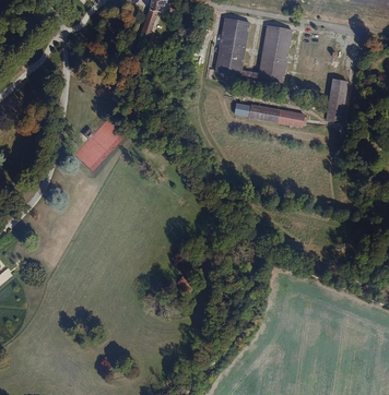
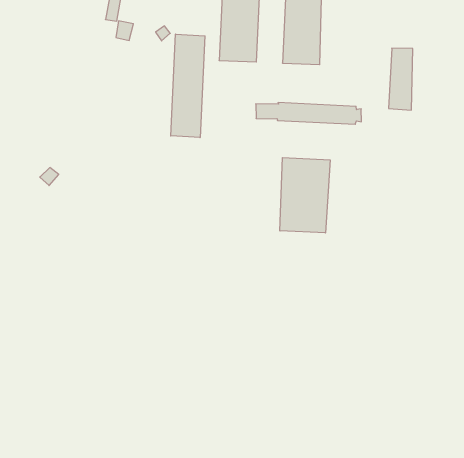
building: none -> [171,34,205,138]
building: none -> [280,158,330,233]

